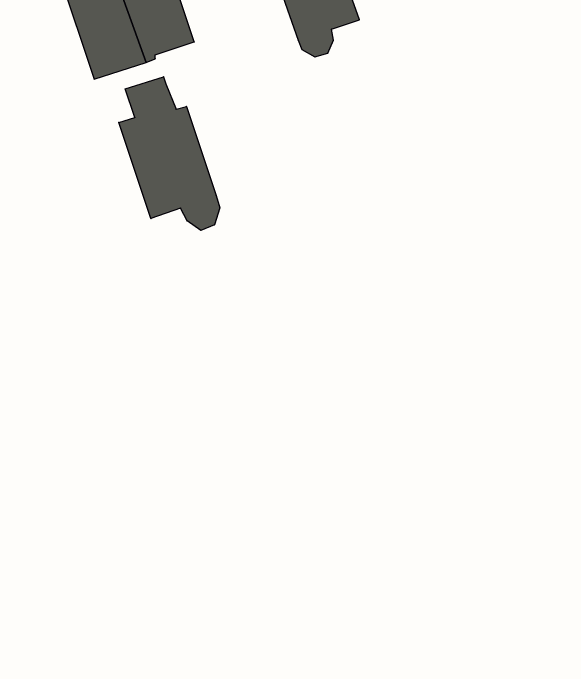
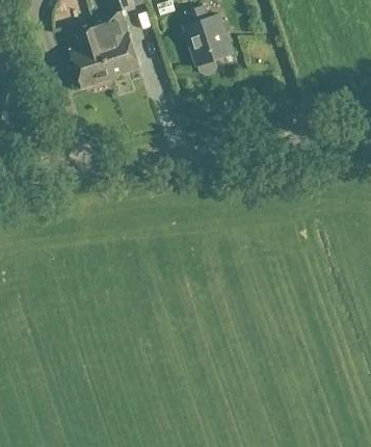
building: [119,77,220,230] -> none

